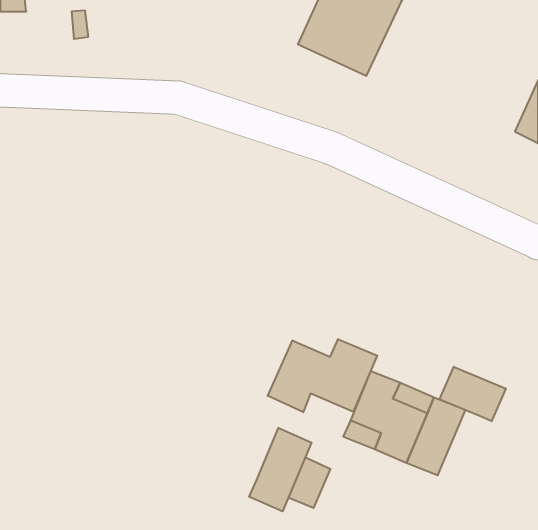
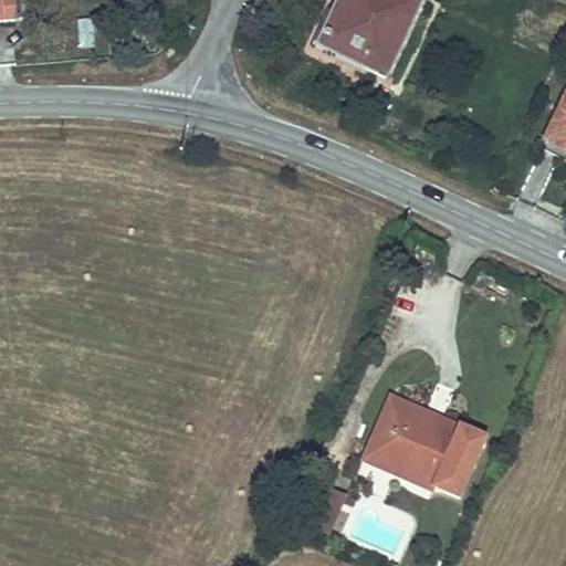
building: [268,339,377,412] -> none
building: [440,367,506,421] -> none
building: [249,428,312,511] -> none

